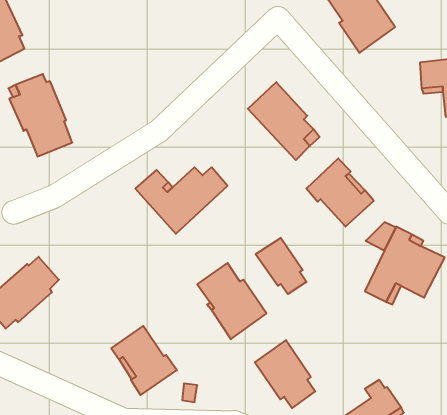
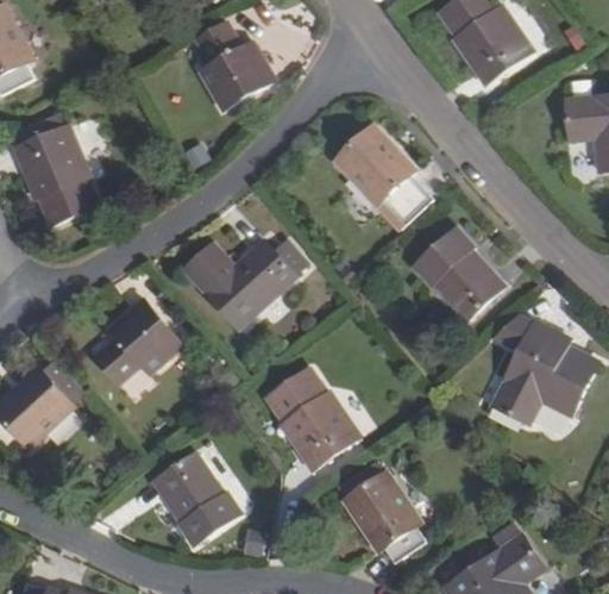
building: none -> [197,24,277,112]
building: none -> [94,299,182,384]
building: [256,238,307,294] -> none

